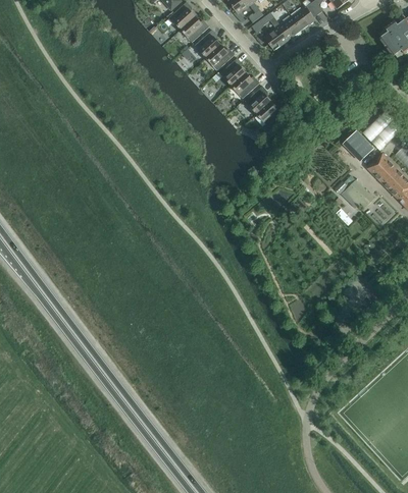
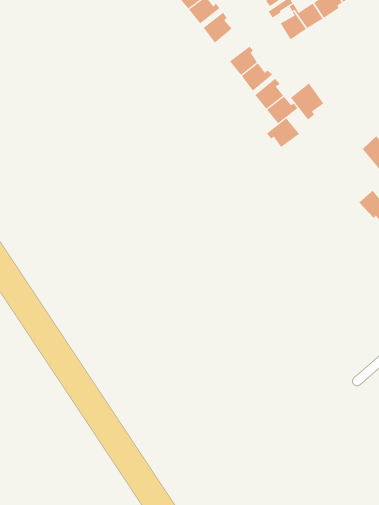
building: [205,43,234,69] -> none
building: none -> [290,83,324,121]
building: none -> [266,118,300,148]

